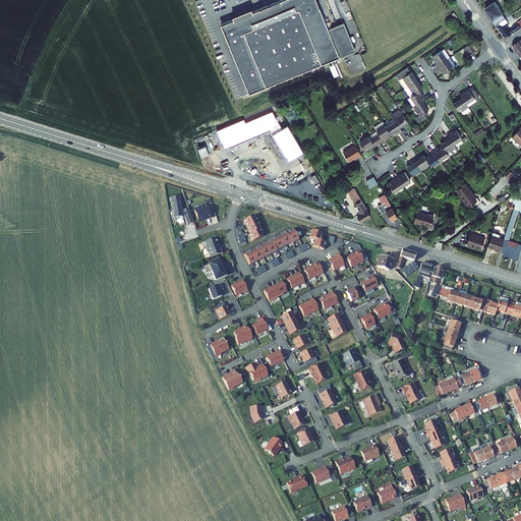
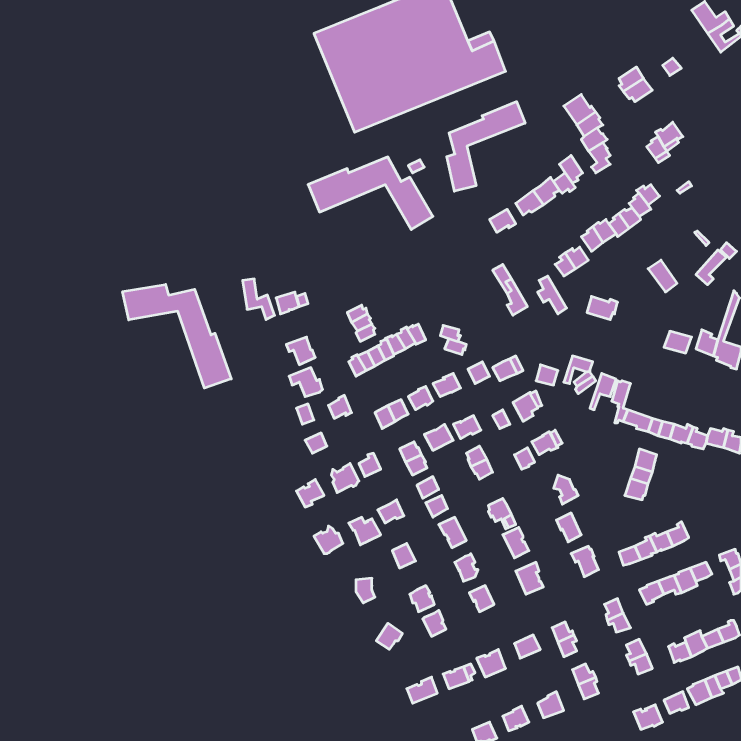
building: none -> [447,102,525,191]
building: none -> [123,284,231,388]

